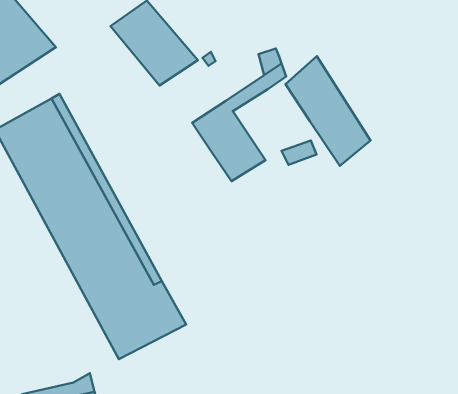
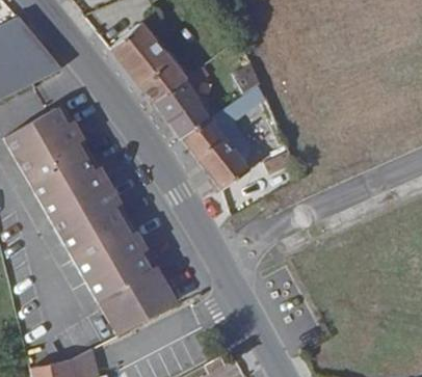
building: [285,56,371,166] -> none
building: none -> [153,75,212,131]

